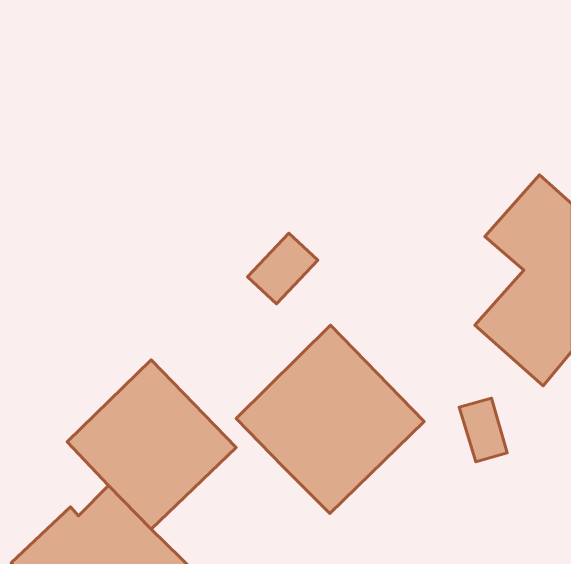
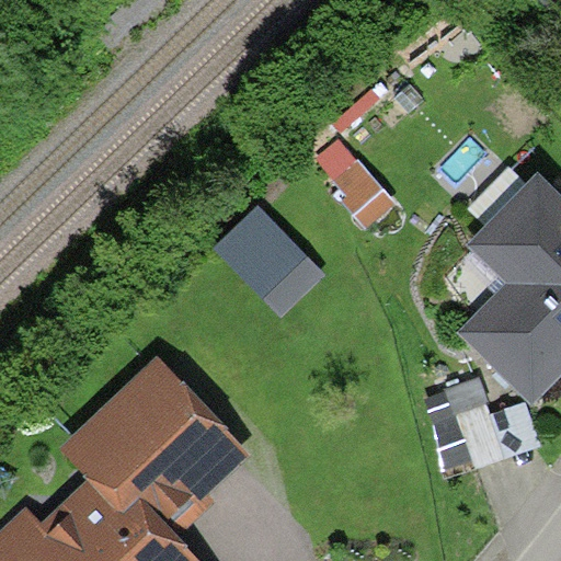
building: [236,325,424,513] -> none

